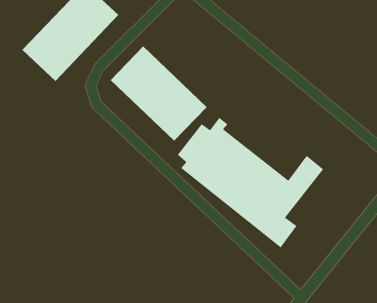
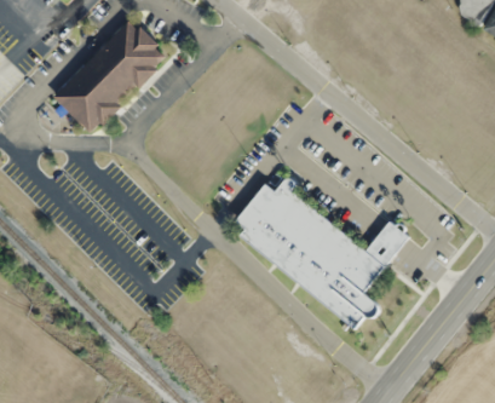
building: [110,46,208,141] -> none

